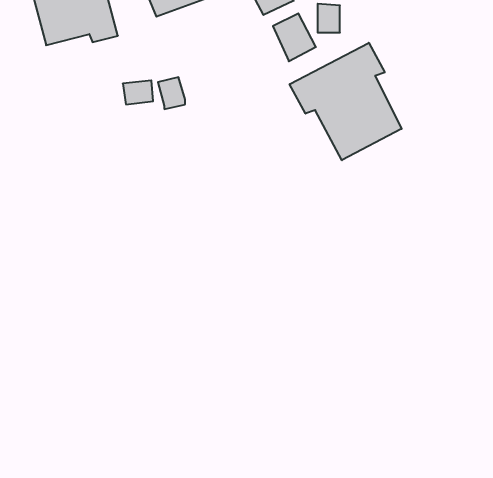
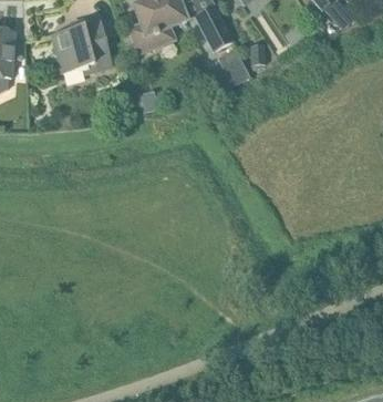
building: [290,43,402,160] -> none

